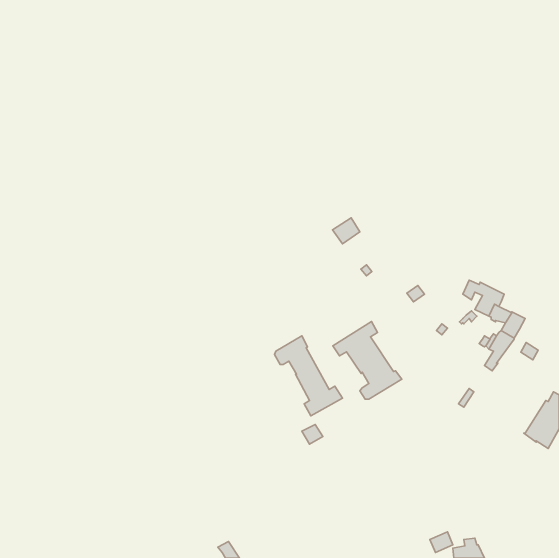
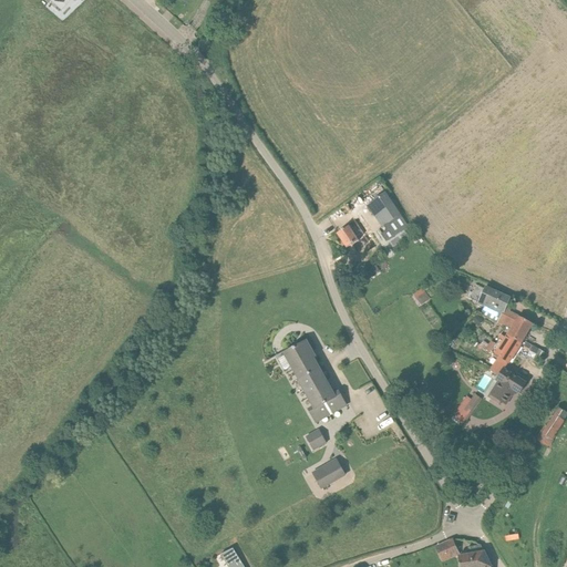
building: none -> [369,195,409,241]
building: [333,322,402,399] -> none
building: none -> [492,368,526,403]
building: none -> [313,460,344,487]

